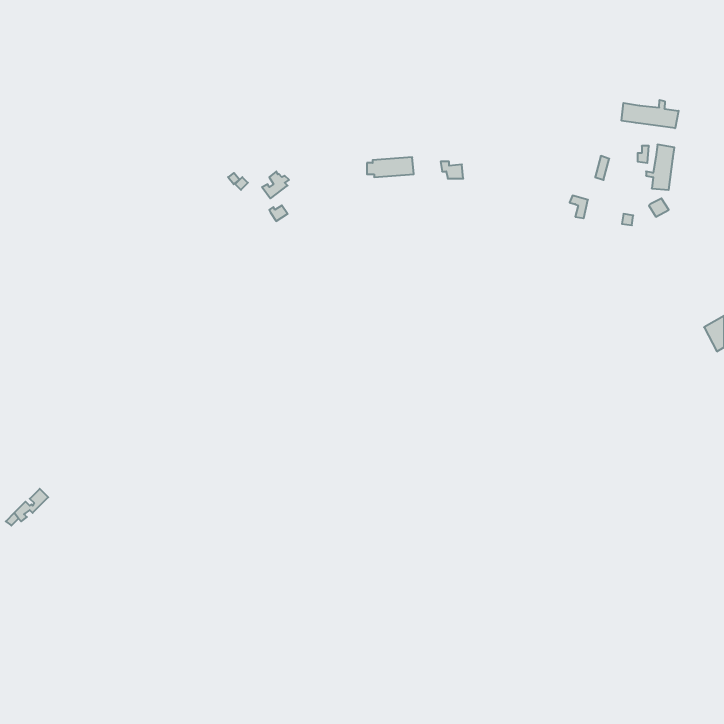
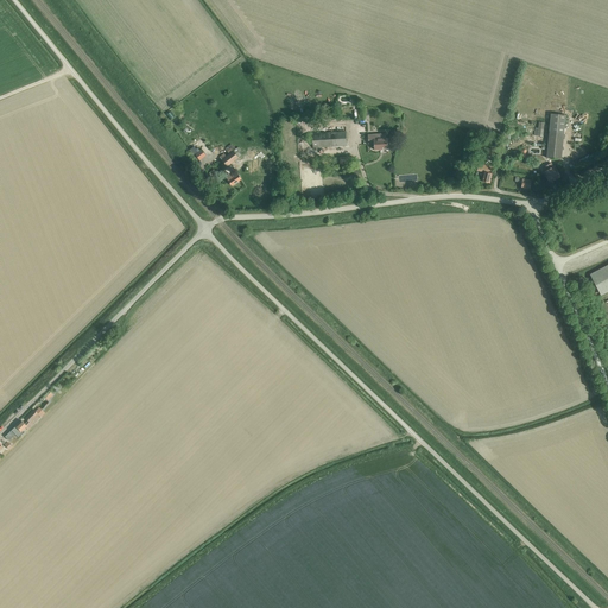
building: [622,100,679,128] -> none

